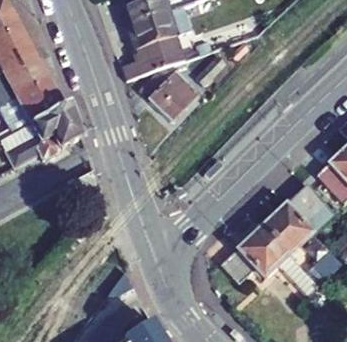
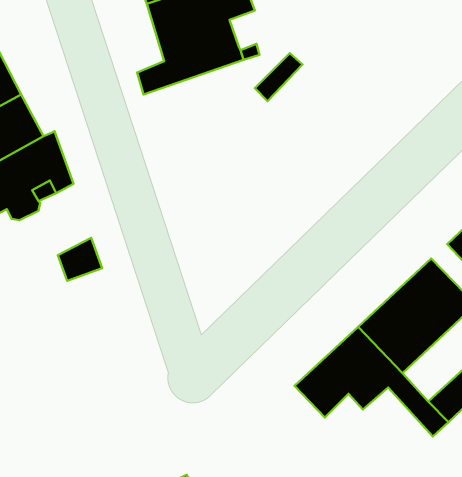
building: [138,65,197,119] -> none

